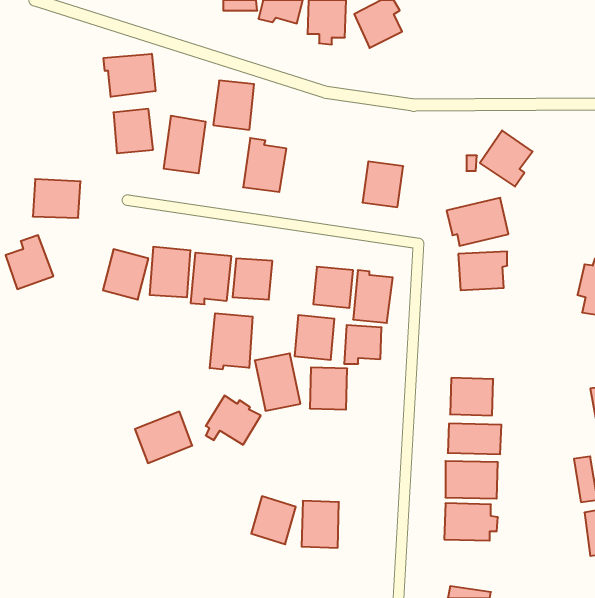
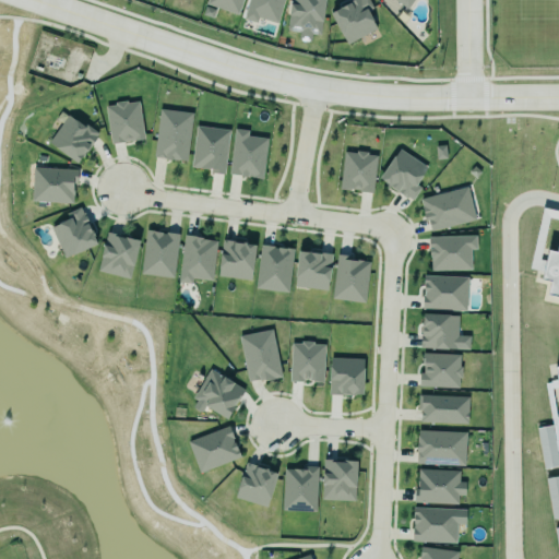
building: [104,54,155,97] -> none
building: [213,81,254,130] -> [192,127,230,173]
building: none -> [50,115,96,159]
building: [480,130,533,187] -> [380,148,429,201]
building: [6,235,53,289] -> [53,207,98,258]
building: none -> [423,274,468,310]
building: [210,313,253,369] -> none
building: [295,315,334,360] -> [258,243,295,285]
building: [344,325,382,364] -> [330,357,365,393]
building: none -> [423,314,472,349]
building: [135,412,192,463] -> [187,425,240,473]
building: none -> [323,461,358,501]
building: none -> [412,507,457,542]

